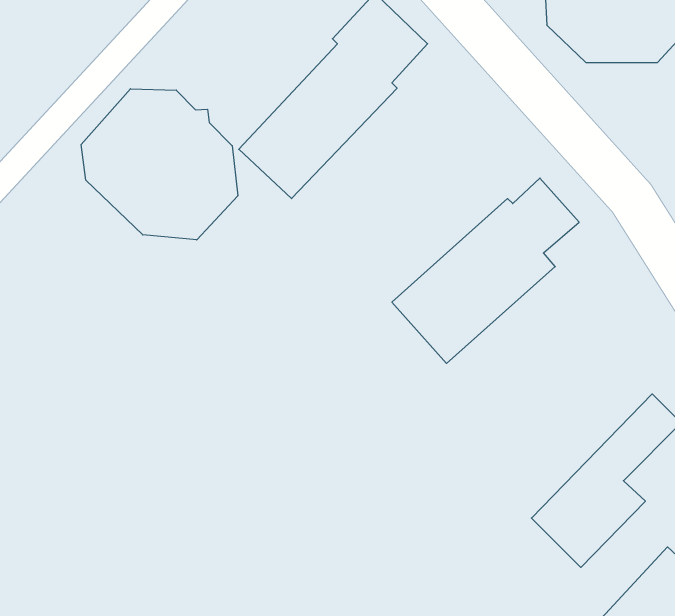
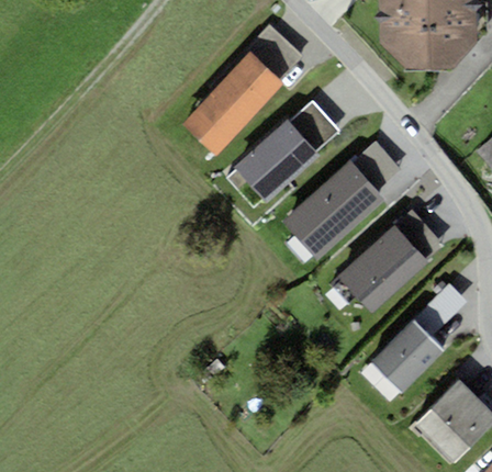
building: [81,89,238,240] -> none
building: none -> [233,101,338,203]
building: none -> [337,210,443,313]

